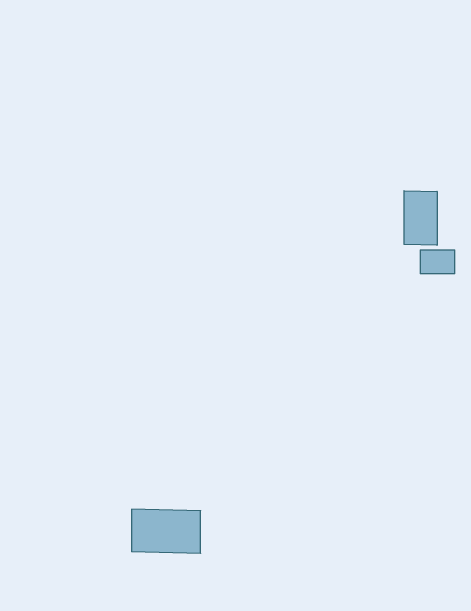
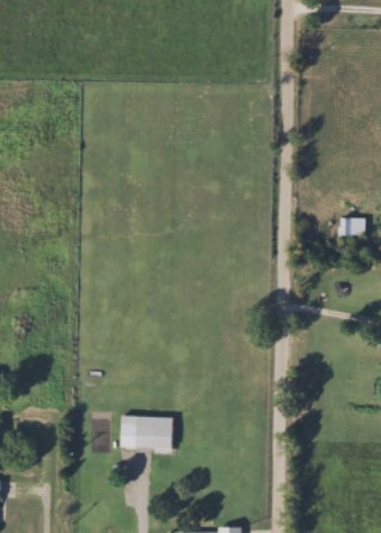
building: [404,191,437,245] -> none

